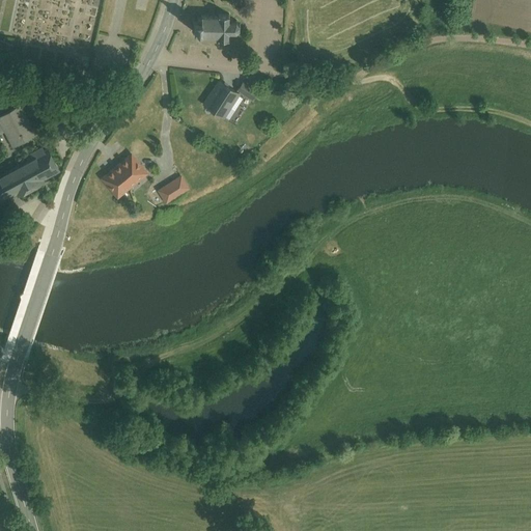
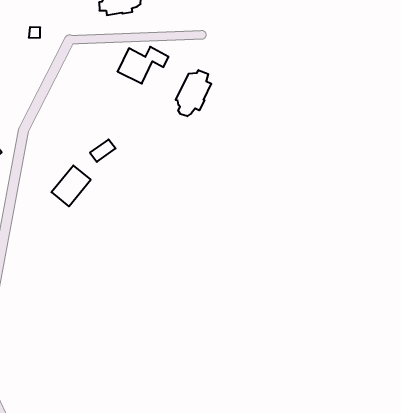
building: none -> [176,70,211,116]
building: [102,155,147,199] -> [51,165,91,206]

